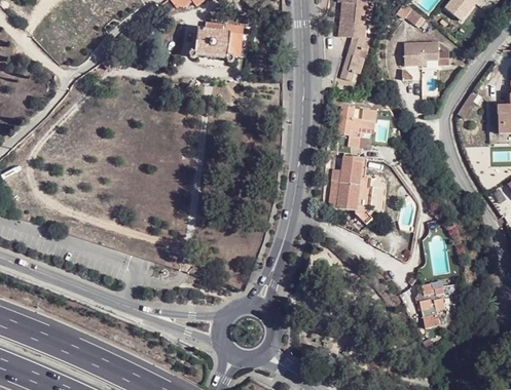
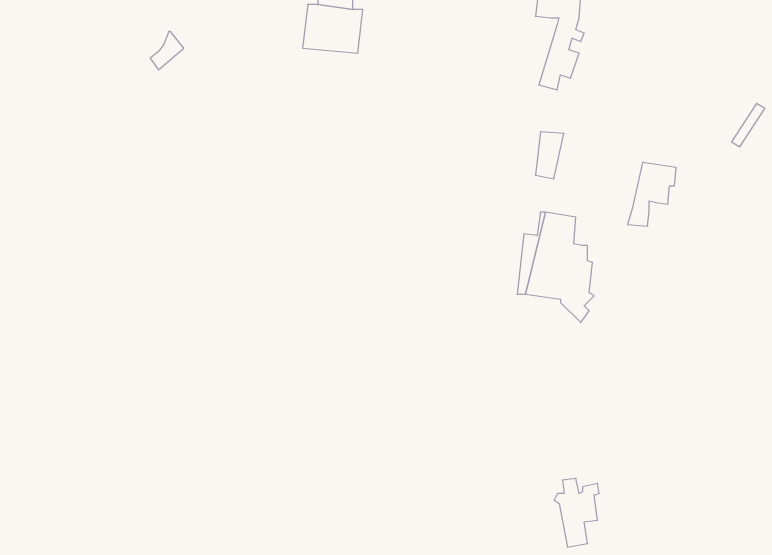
building: [407,41,442,64] -> none
building: [346,109,376,148] -> [628,162,676,226]
building: [410,284,438,326] -> [554,478,599,547]

